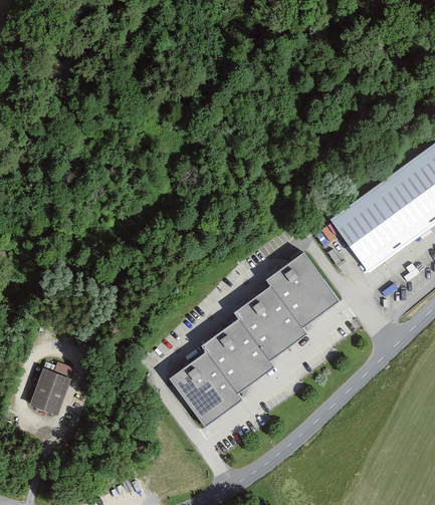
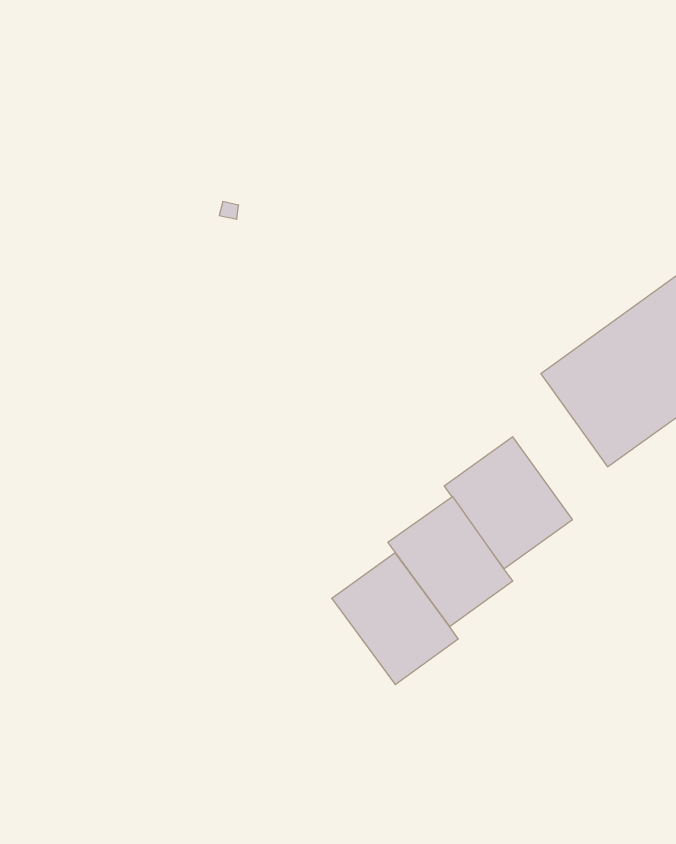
building: [170,351,244,428] -> none
building: [30,368,70,414] -> none

